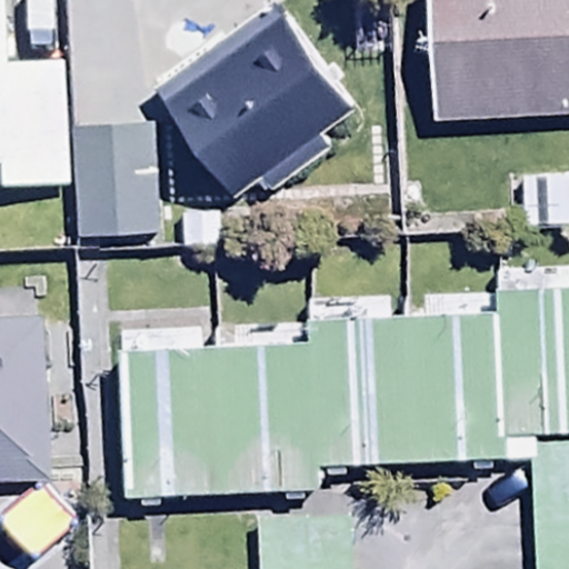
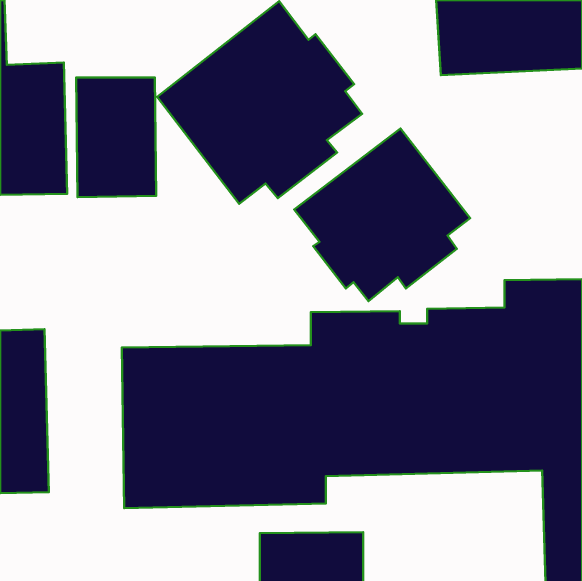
building: none -> [294,129,470,301]

